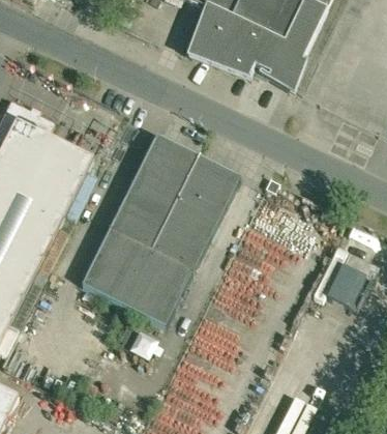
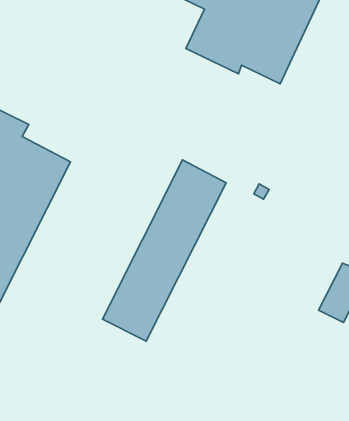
building: [82,133,199,303] -> none

